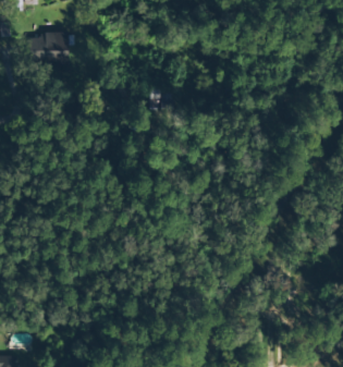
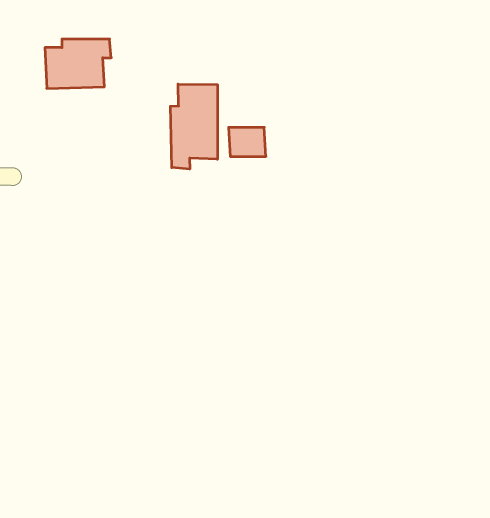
building: none -> [170,84,217,169]

